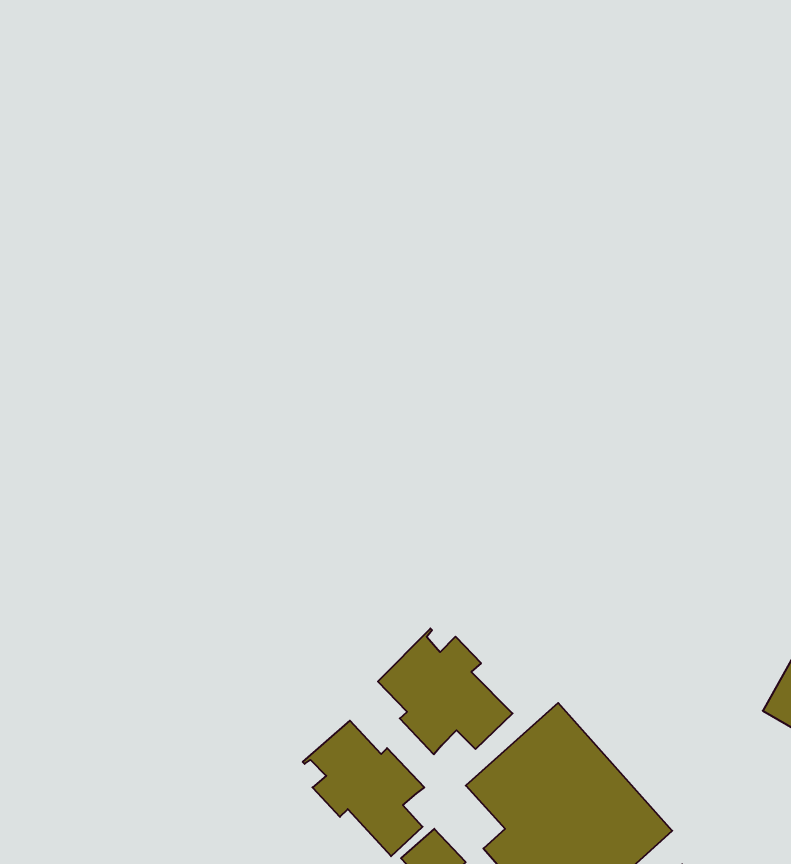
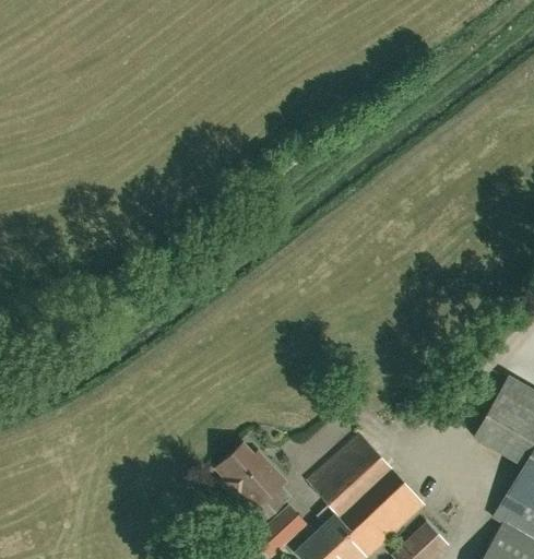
building: [378,628,513,754] -> none

